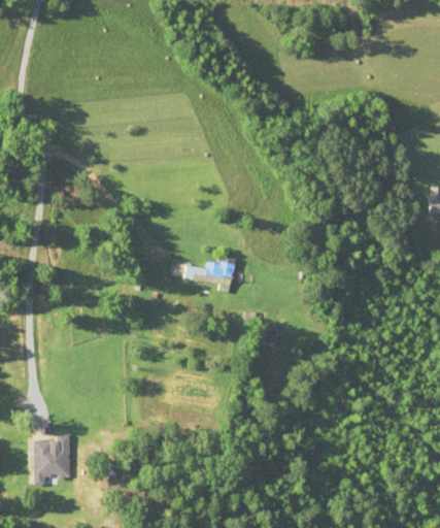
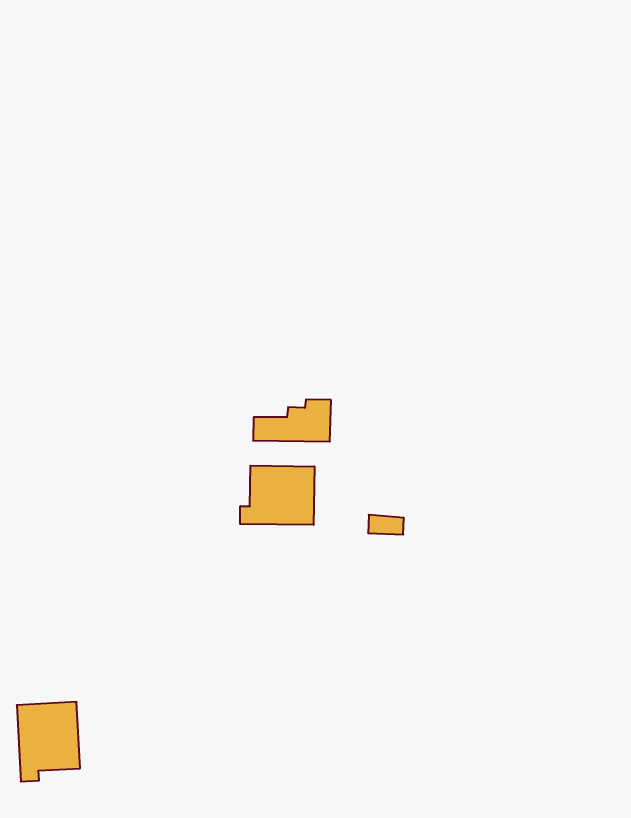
building: none -> [240,466,314,525]

